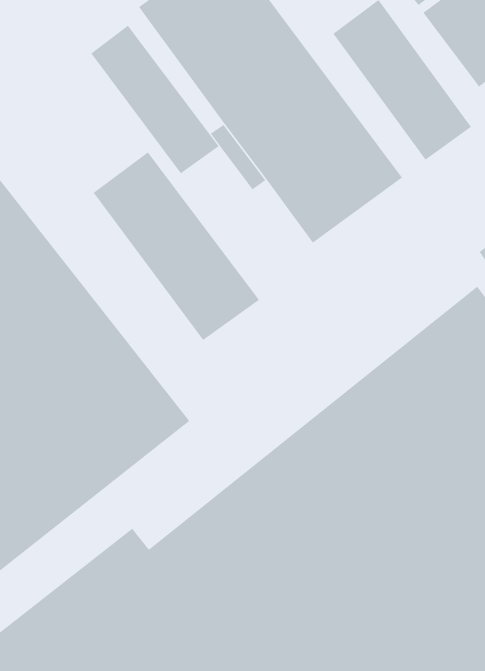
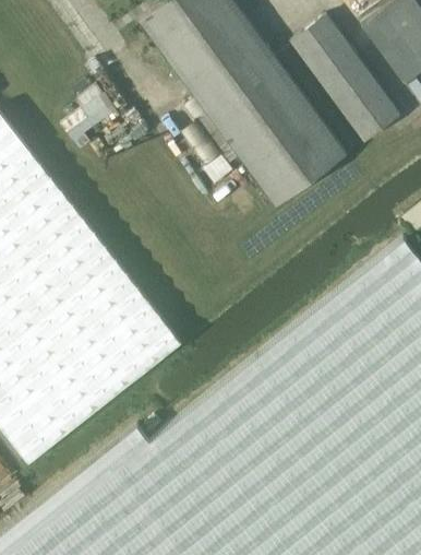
building: [90,25,219,174] -> none
building: [93,151,260,341] -> none

